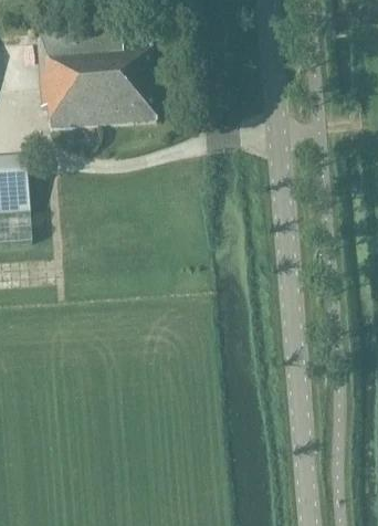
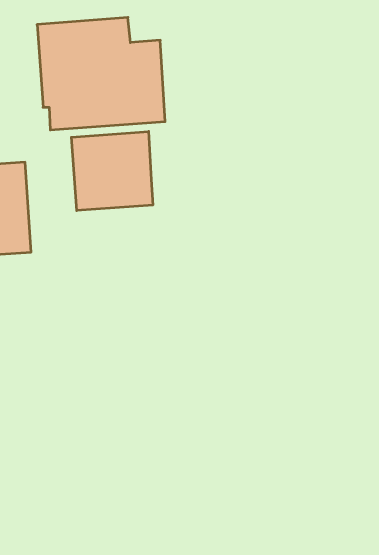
building: none -> [71,131,153,211]

